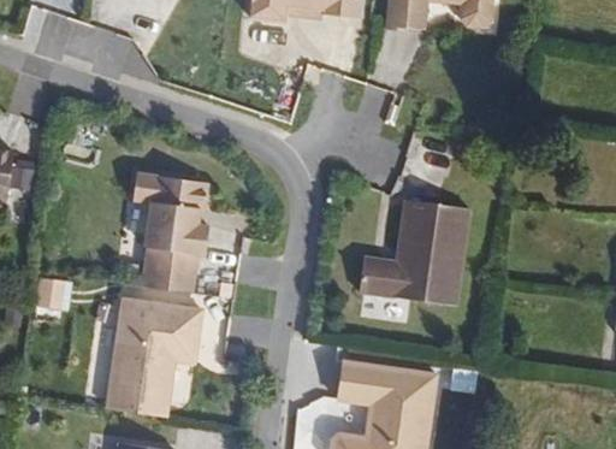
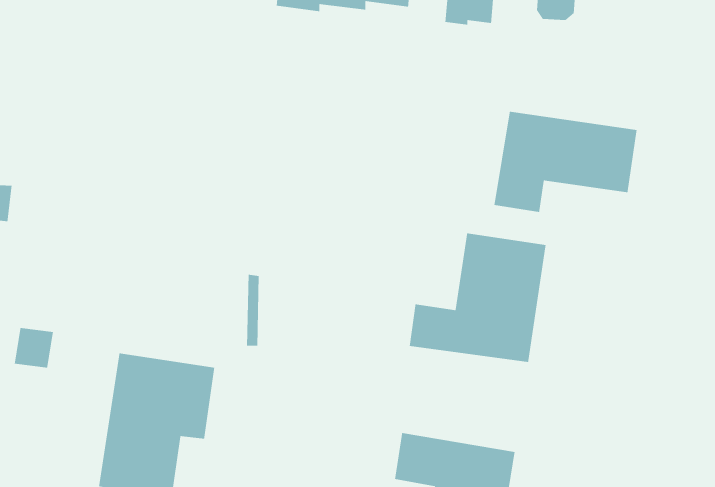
building: none -> [494,111,638,213]
building: [124,171,200,293] -> none

